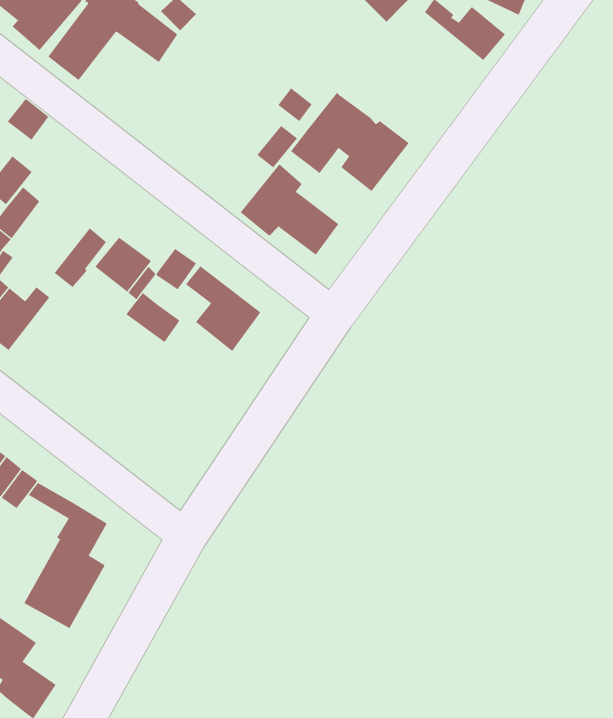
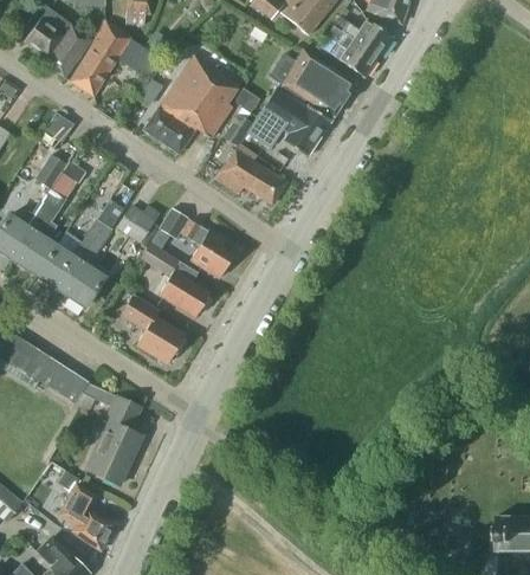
building: none -> [327,26,379,77]
building: none -> [143,54,240,153]
building: none -> [272,50,356,116]
building: none -> [60,233,104,306]
building: none -> [160,261,211,317]
building: none -> [121,295,185,363]

